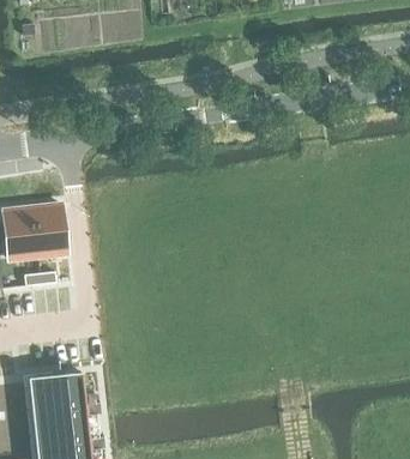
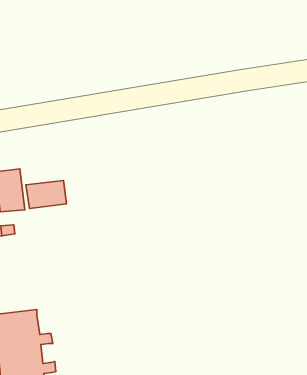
building: none -> [26,180,67,208]

